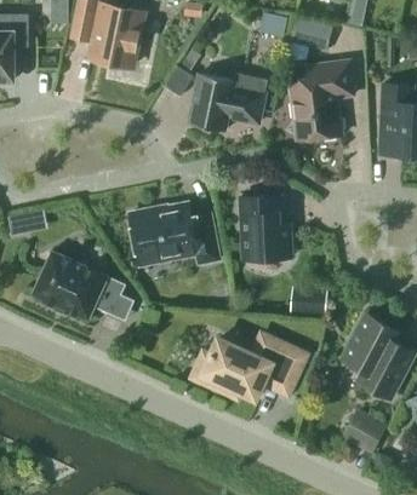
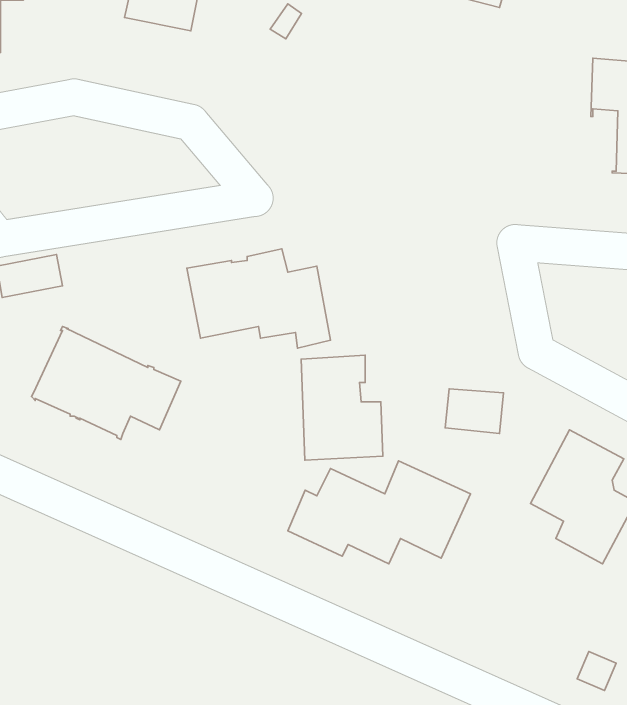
building: [290,62,353,139] -> none
building: [188,73,265,131] -> none
building: [240,195,291,260] -> [301,355,383,460]
building: [341,408,387,453] -> none

